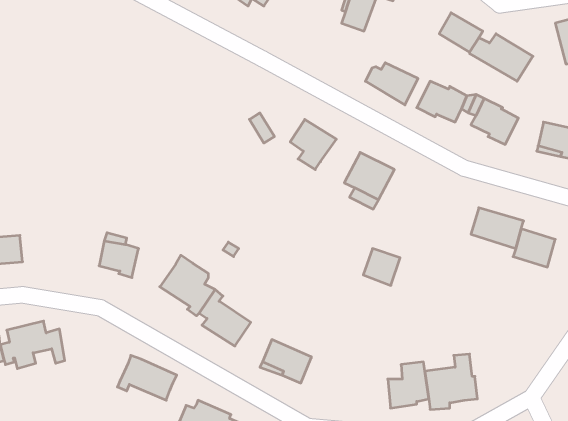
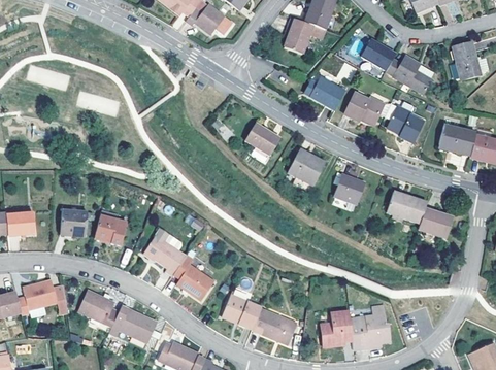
building: none -> [59,212,86,238]
building: [363,249,400,285] -> [334,174,363,203]
building: none -> [77,291,118,327]
building: none -> [253,309,296,344]

